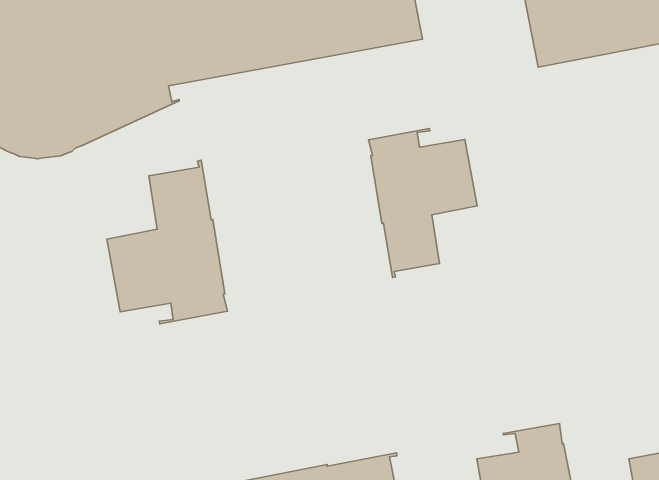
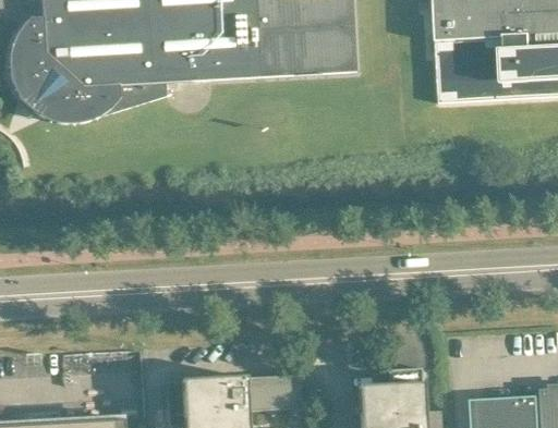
building: [368,129,477,278] -> none
building: [107,160,227,324] -> none

